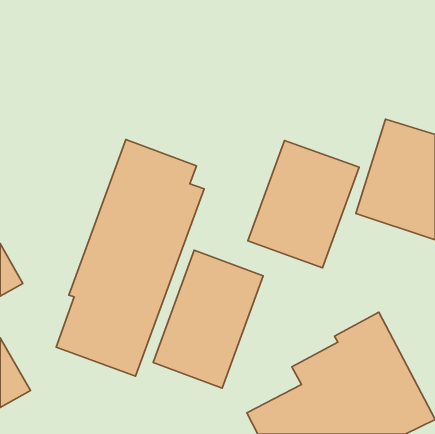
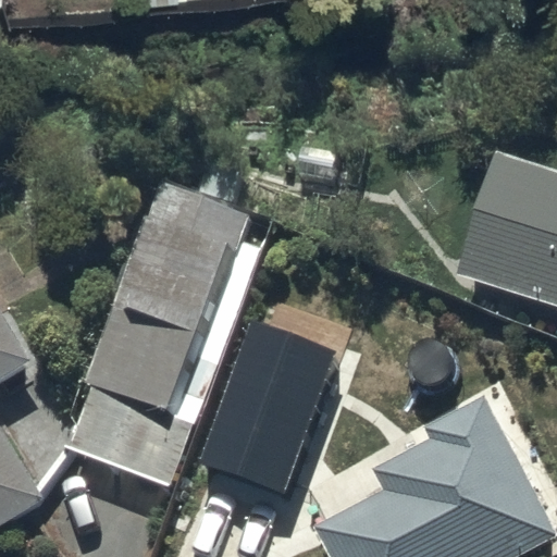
building: [248,141,359,268] -> none

